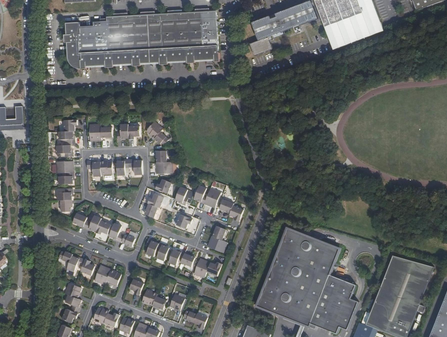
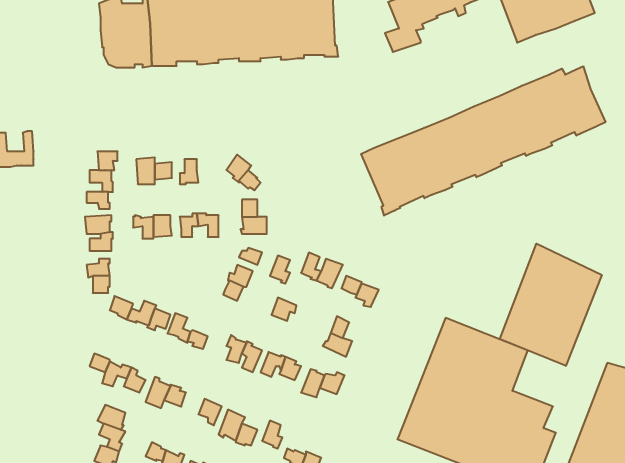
building: none -> [361,66,605,216]
building: none -> [500,244,602,366]

